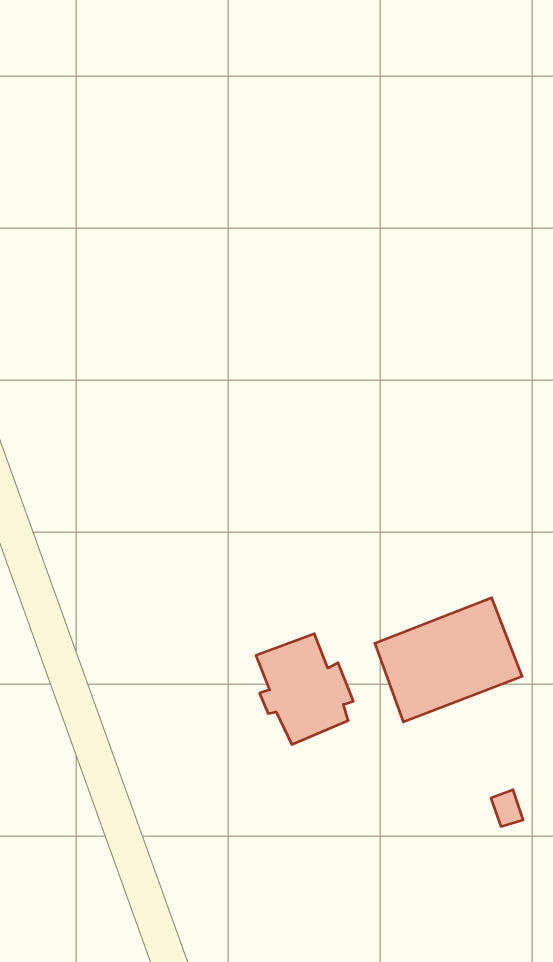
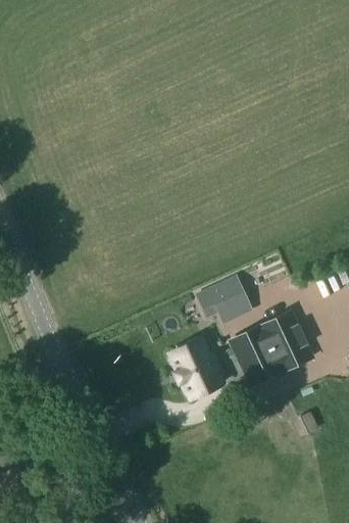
building: none -> [198,280,247,319]

